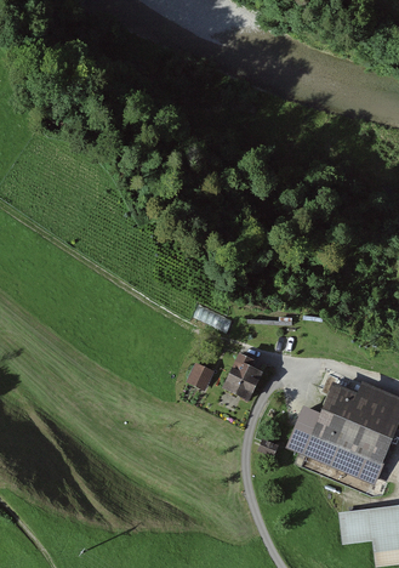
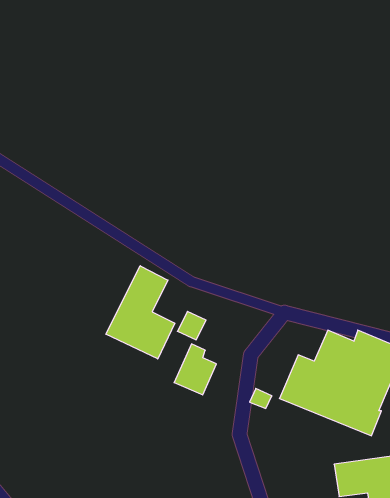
building: none -> [106,266,175,359]
building: [222,350,263,399] -> [174,344,216,395]

